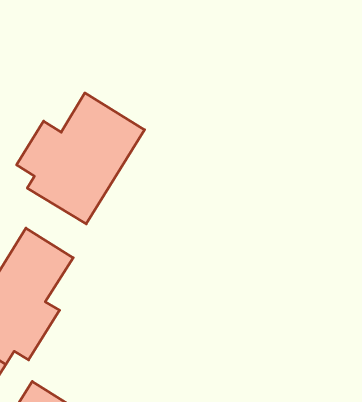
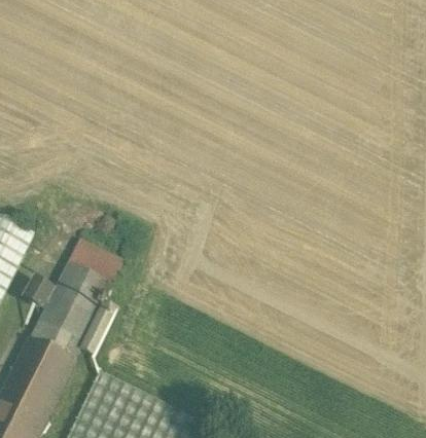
building: [17,93,145,224] -> none

